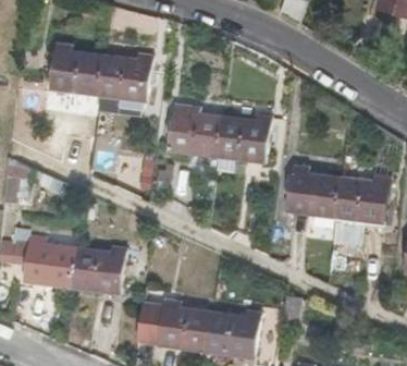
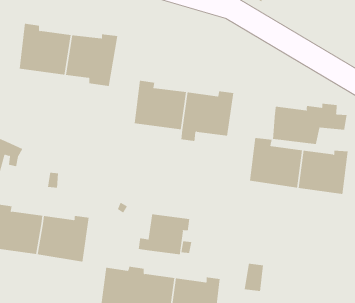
building: none -> [272,103,347,145]
building: none -> [138,214,190,255]

